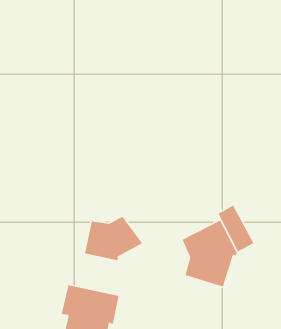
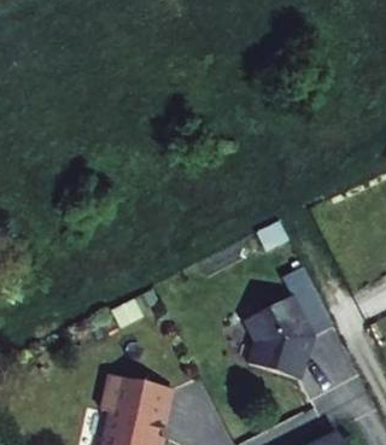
building: [84,216,143,261] -> none

